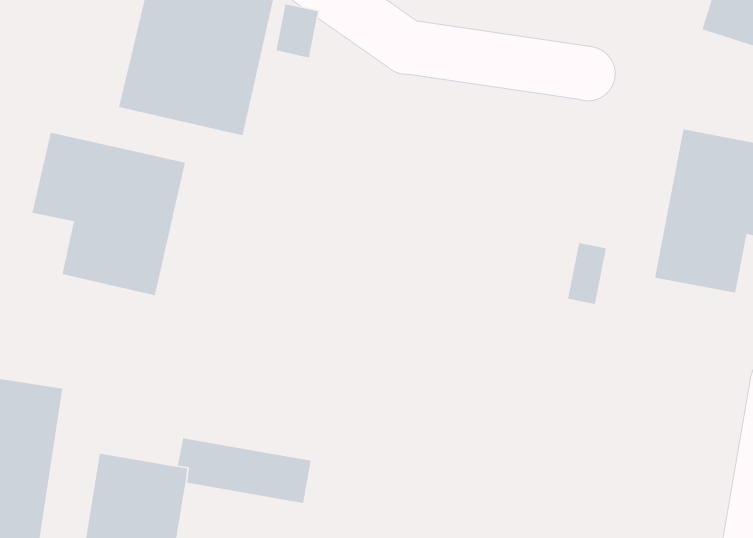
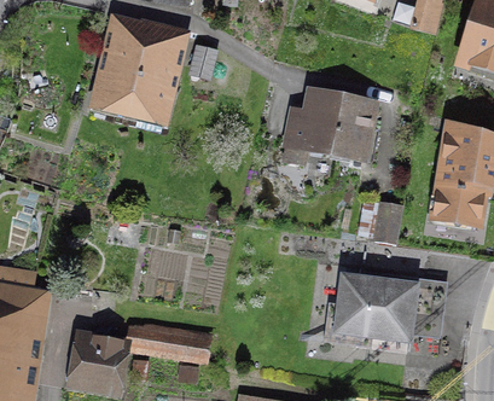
building: none -> [279,88,377,165]
building: [32,132,186,296] -> none
building: none -> [332,275,420,345]

